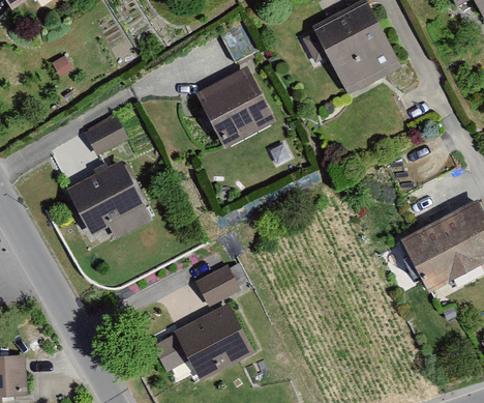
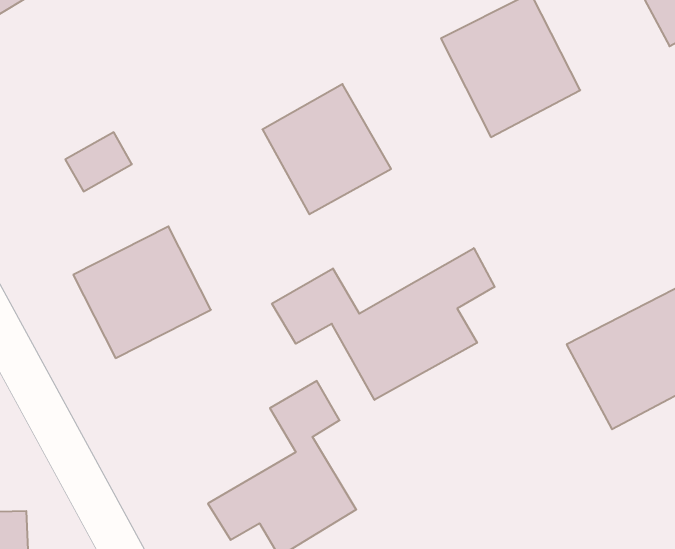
building: [82,114,127,154] -> [65,132,132,191]
building: none -> [272,248,495,400]

